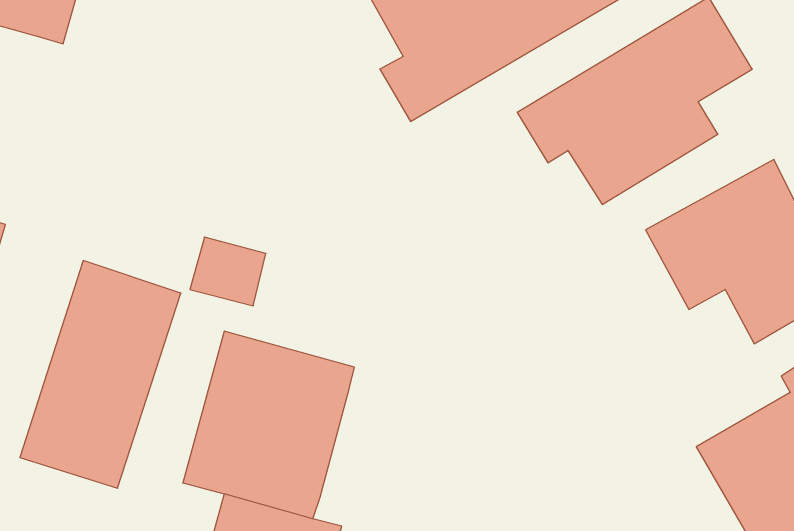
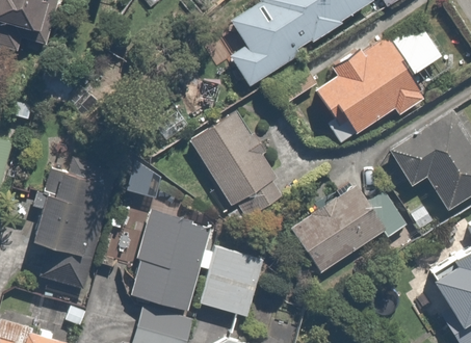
building: none -> [186,111,287,225]
building: none -> [291,184,413,279]
building: none -> [195,240,263,316]

